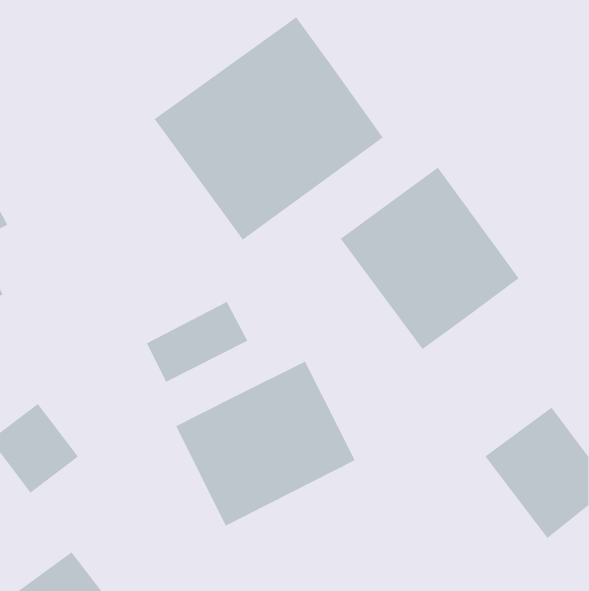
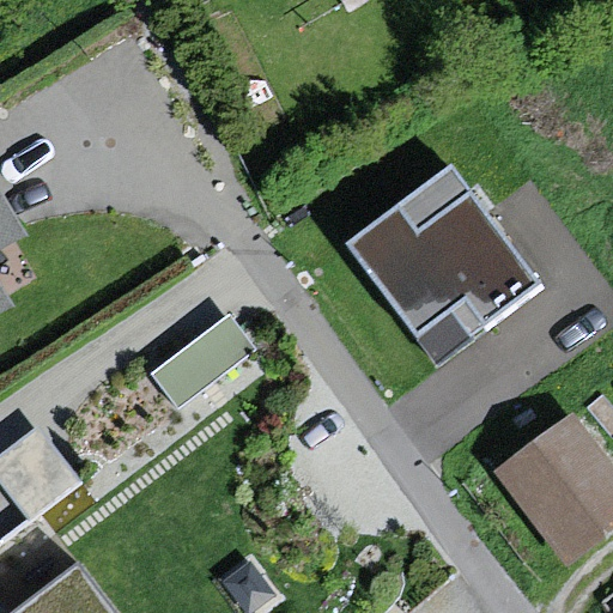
building: [154,17,384,241] -> none
building: [176,361,356,527] -> none

